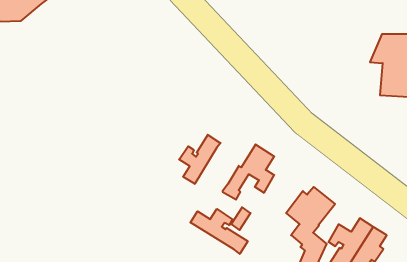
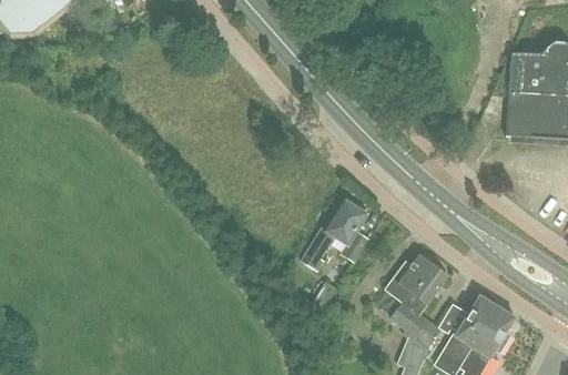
building: [179,135,221,184] -> none
building: [190,209,248,254] -> none

